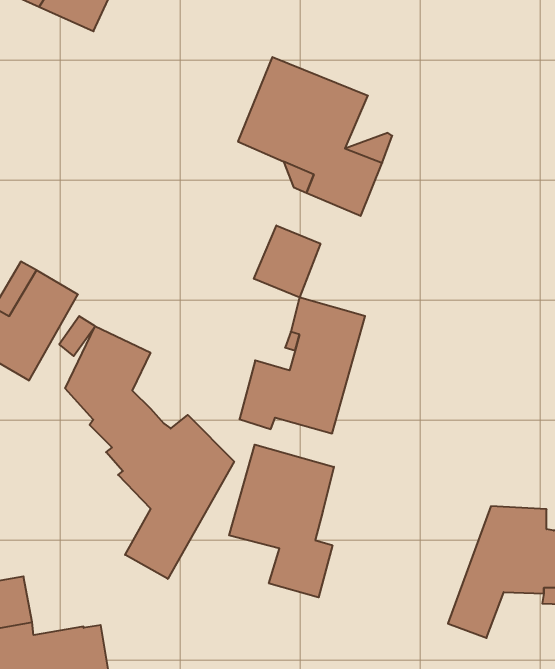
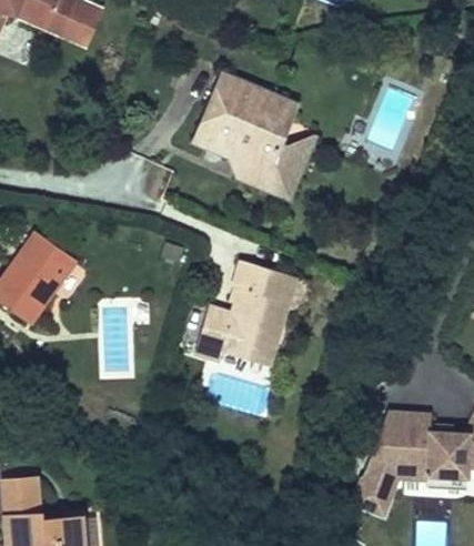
building: [254,225,320,297] -> none
building: [65,326,234,579] -> none
building: [229,445,334,597] -> none

